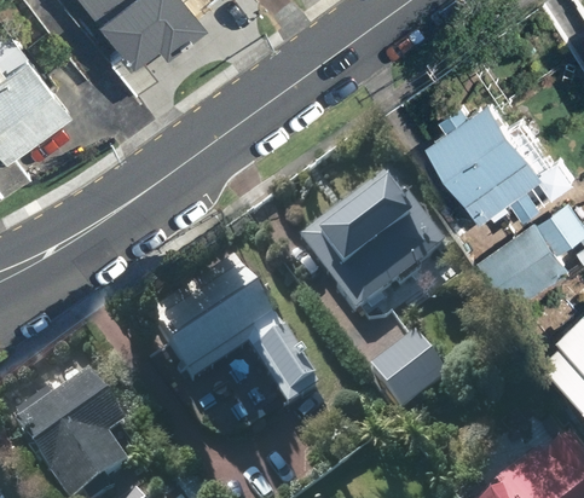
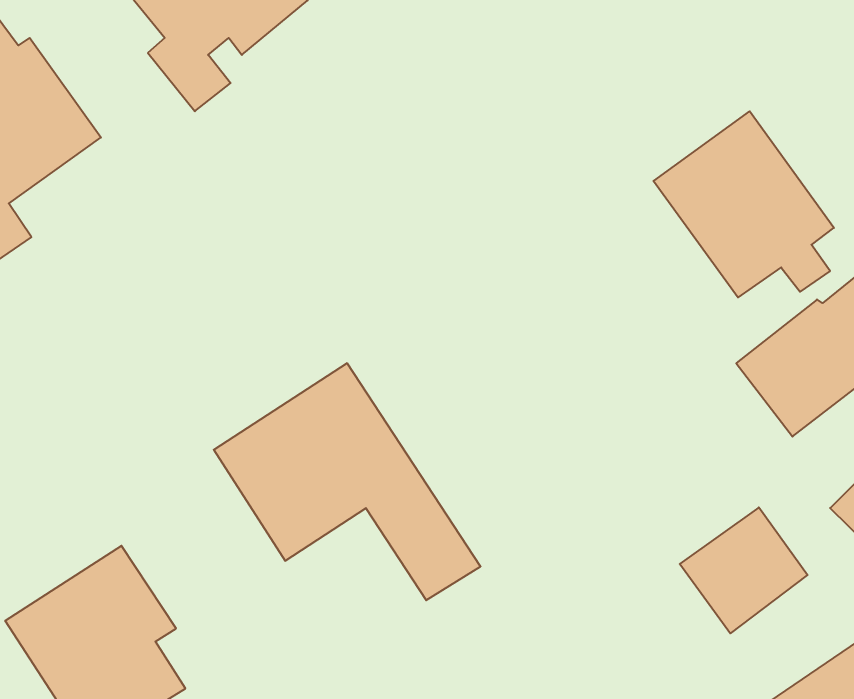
building: [297,172,446,318] -> none
building: [366,332,449,413] -> [680,507,808,633]

